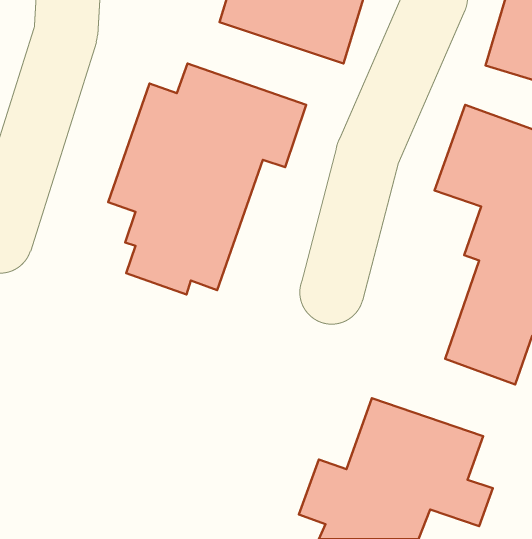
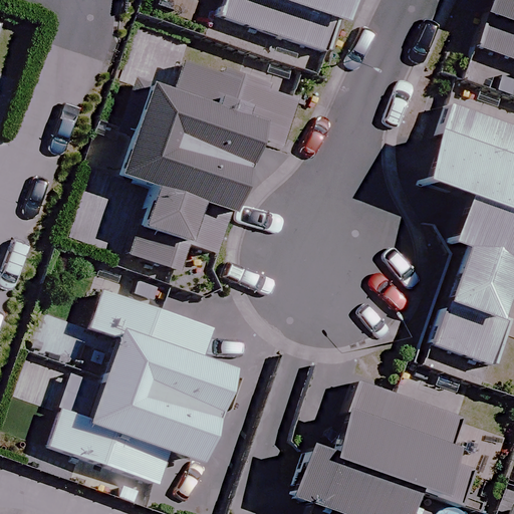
building: none -> [54,291,242,482]

